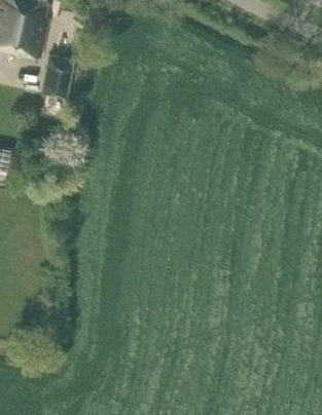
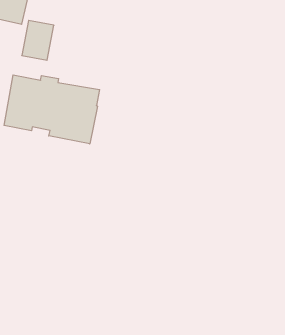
building: none -> [4,75,100,144]

